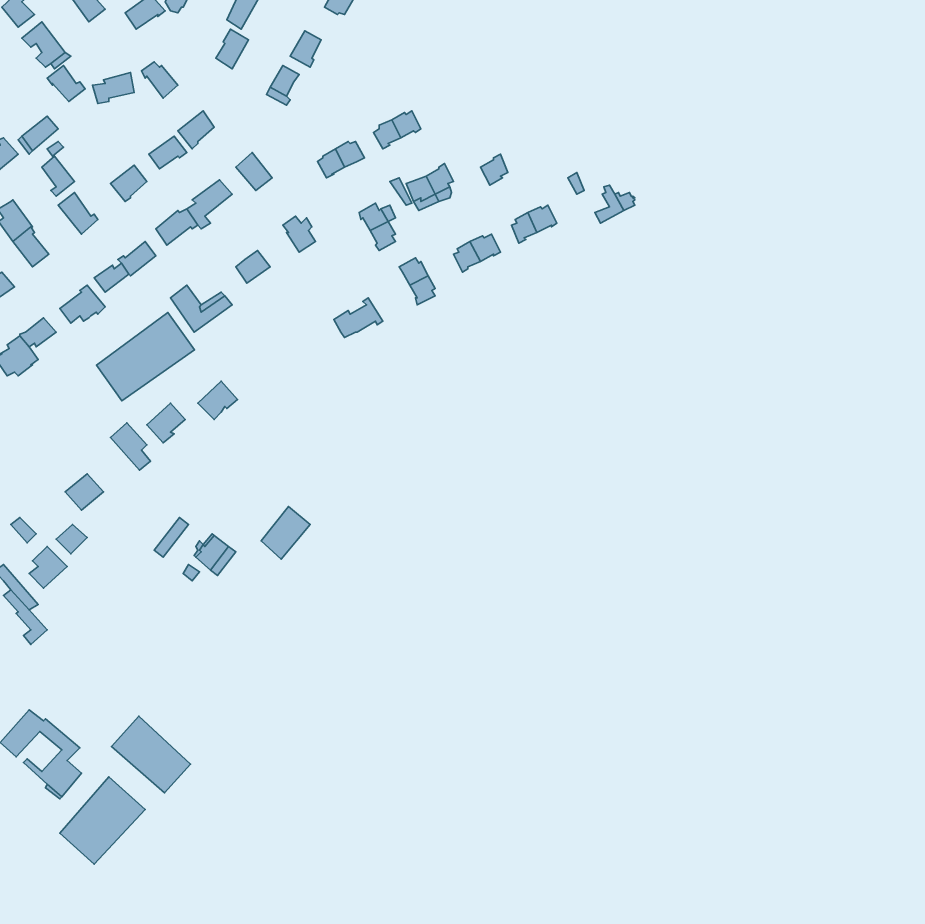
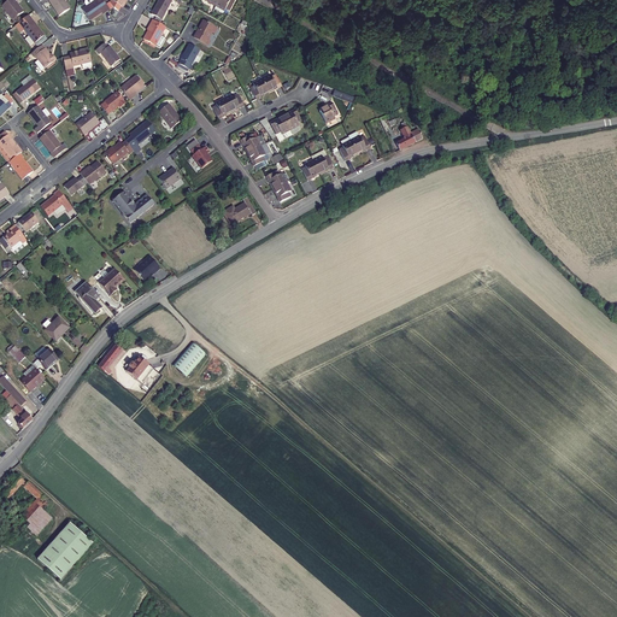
building: [96,312,195,401] -> none
building: [111,716,191,793] -> none

